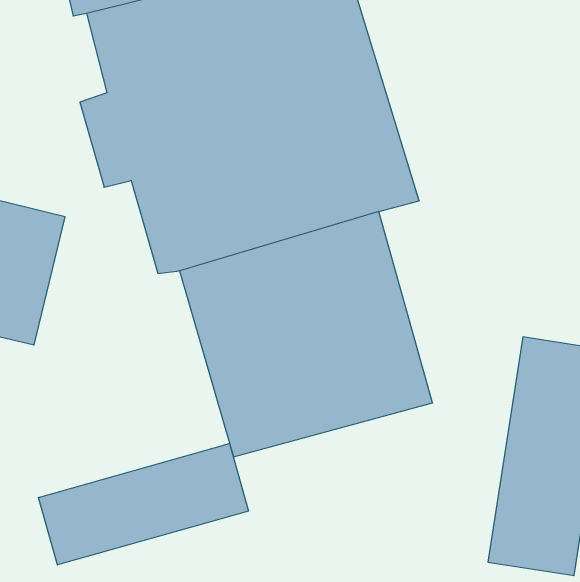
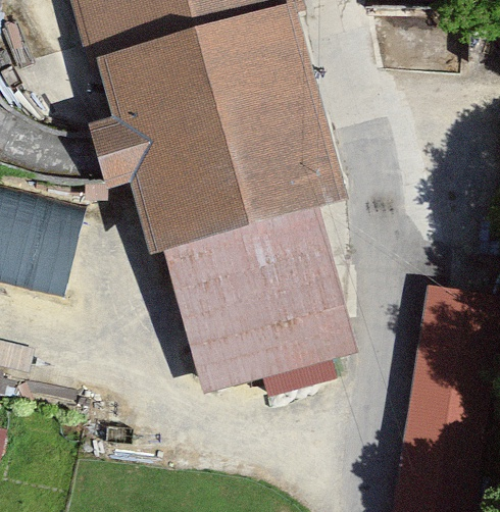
building: [38,443,249,565] -> none

